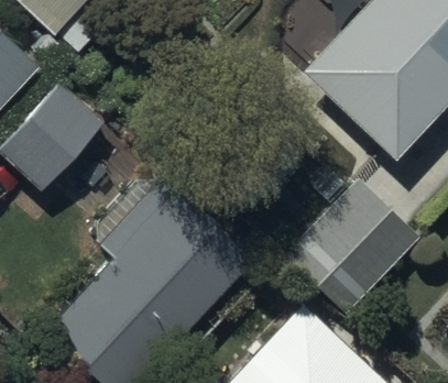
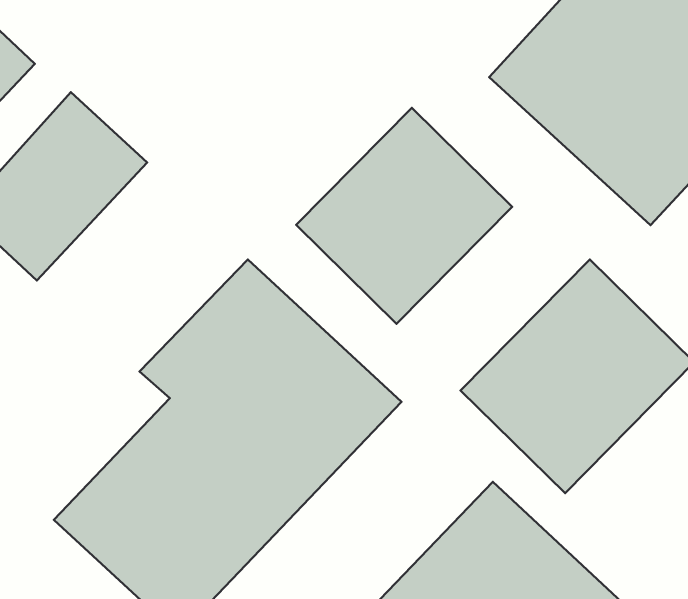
building: none -> [296,108,512,324]

